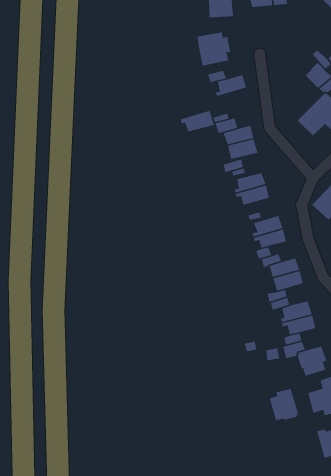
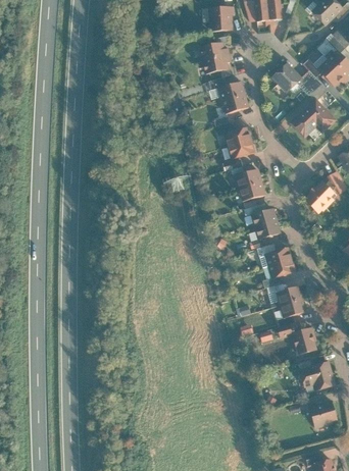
building: none -> [271,61,302,93]
building: [180,110,215,132] -> [217,94,249,114]
building: [269,388,299,422] -> none

